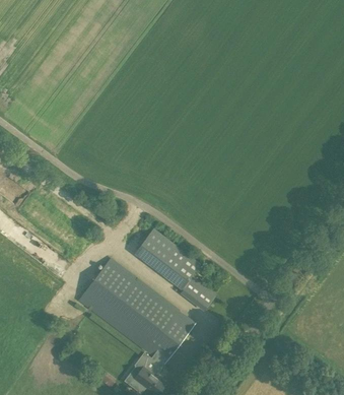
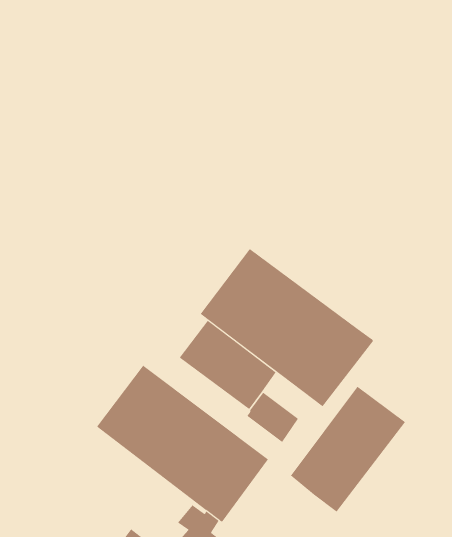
building: none -> [200,248,374,407]
building: none -> [290,386,406,512]

